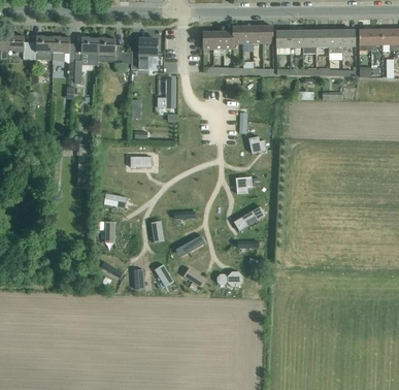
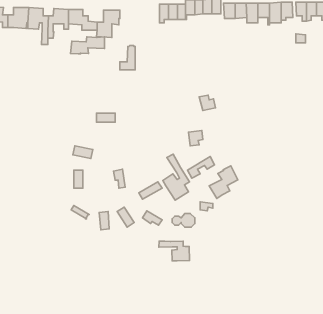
building: none -> [71,37,105,54]
building: none -> [163,154,190,200]
building: none -> [209,166,238,199]
building: none -> [159,241,190,261]

